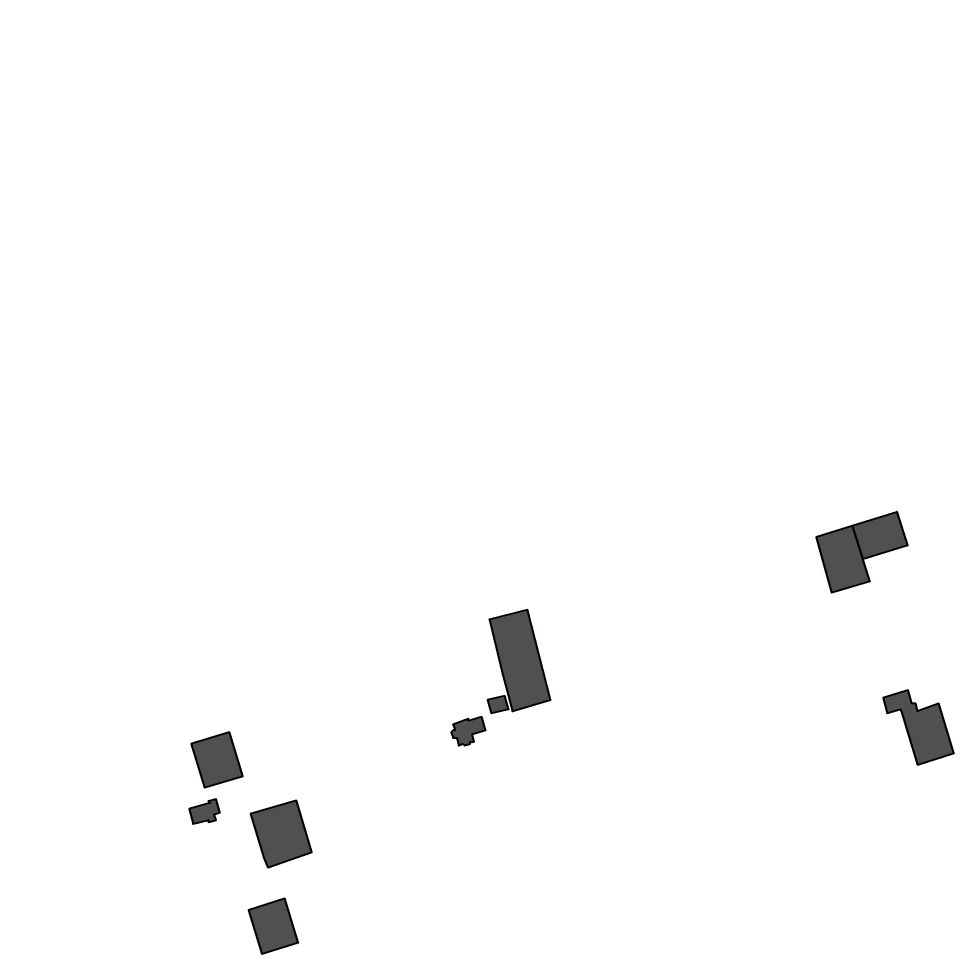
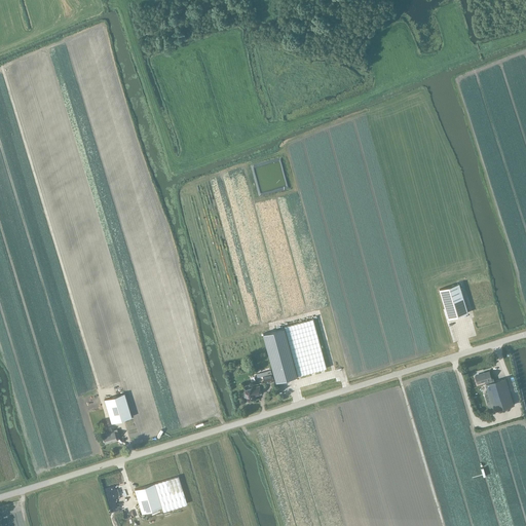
building: [853,512,908,559] -> none
building: none -> [284,320,326,377]
building: [251,801,312,867] -> [153,477,186,513]

